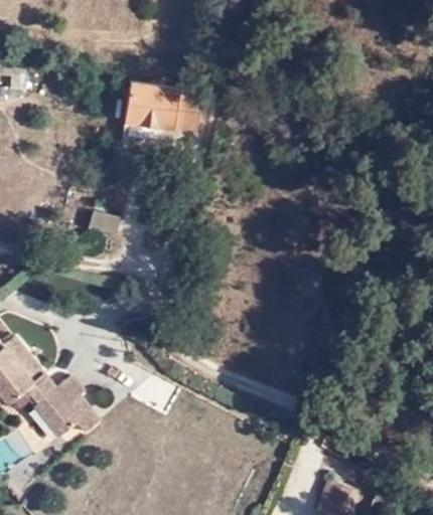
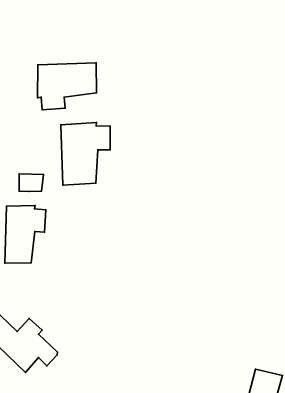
building: none -> [61,122,110,185]
building: none -> [5,206,46,263]

